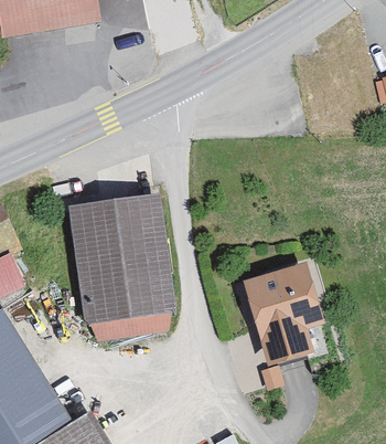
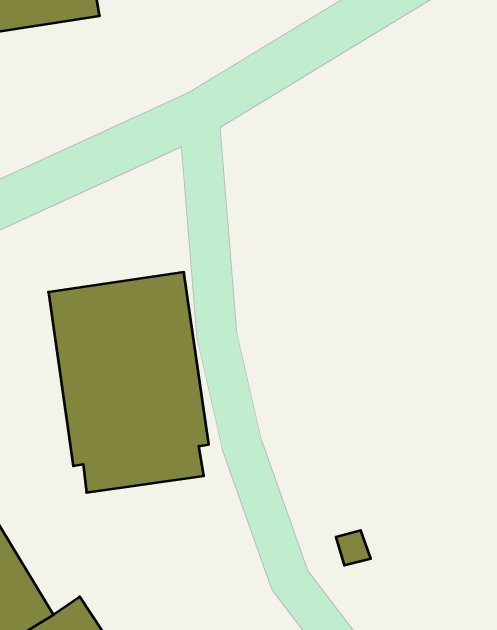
building: [243,262,323,362] -> none

